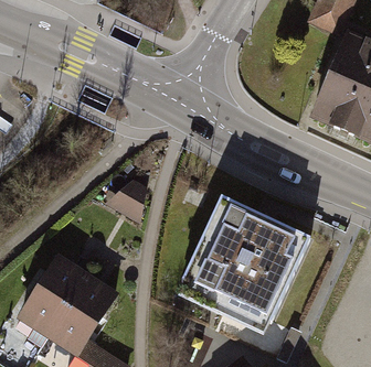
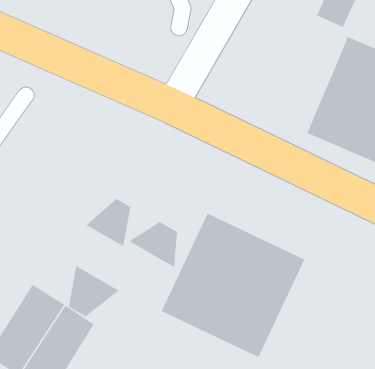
building: none -> [128,221,177,268]
building: none -> [69,265,120,317]

